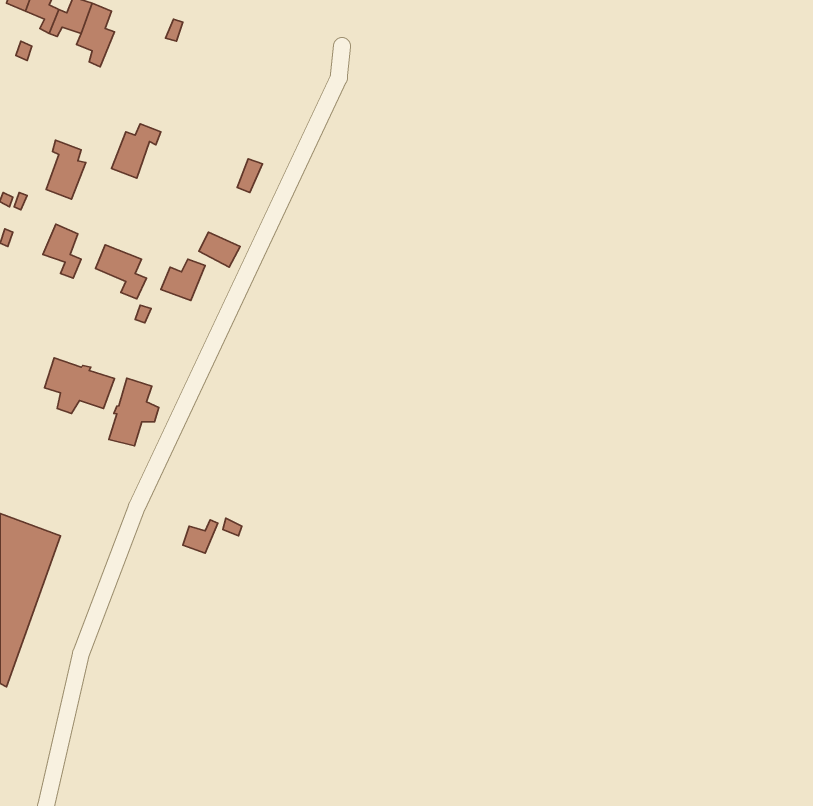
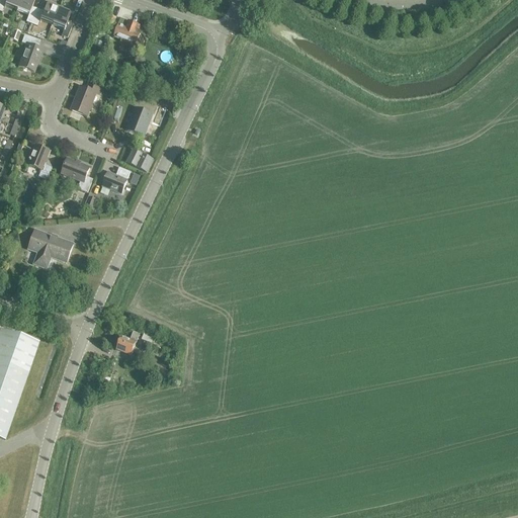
building: none -> [114,17,141,47]
building: [46,140,86,199] -> [17,32,42,70]
building: none -> [126,105,152,134]
building: [109,378,159,446] -> none

